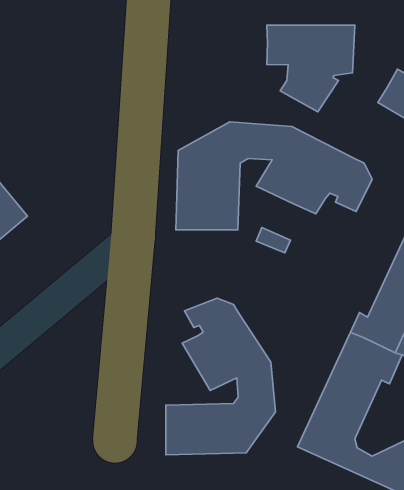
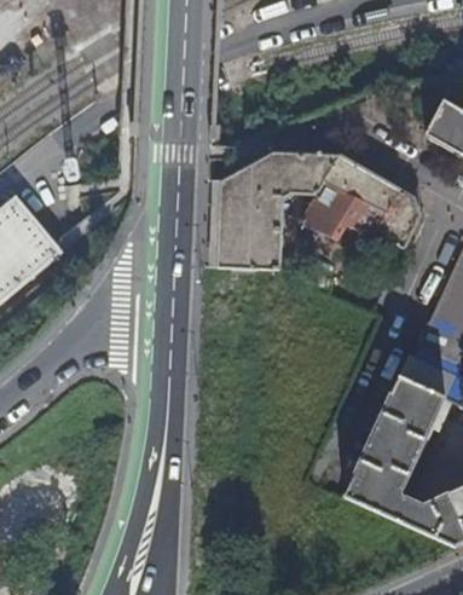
building: [267,25,355,112] -> none
building: [166,298,275,455] -> none

